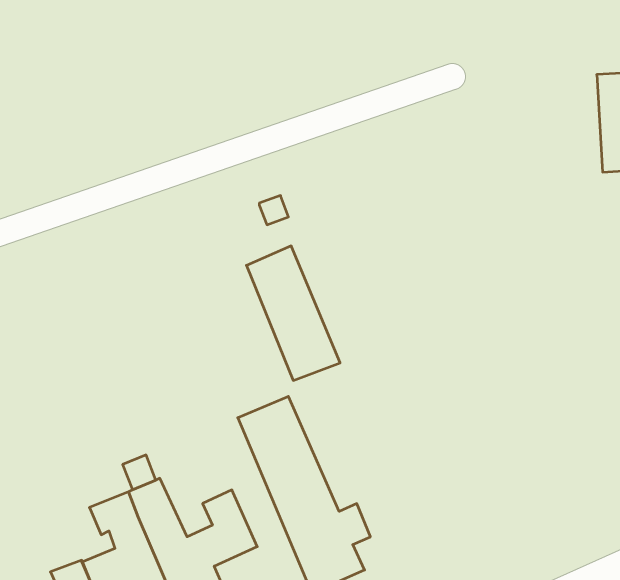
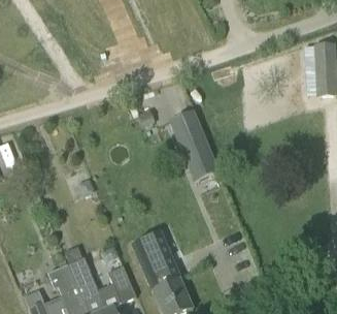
building: [246,246,340,380] -> [170,108,220,180]

